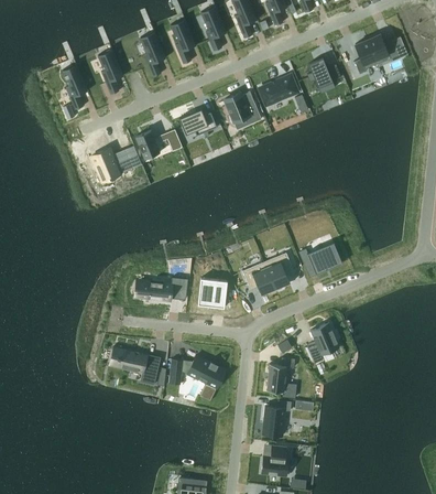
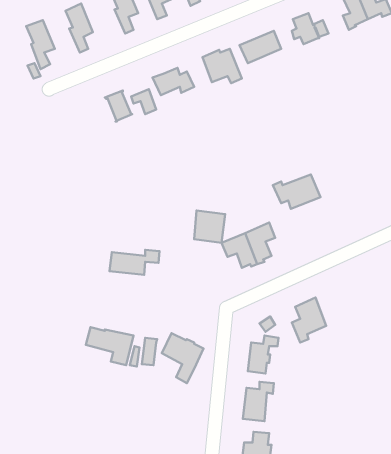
building: [91,149,133,182] -> none
building: [298,243,342,275] -> [273,174,320,209]
building: [198,278,227,308] -> [194,211,225,243]

